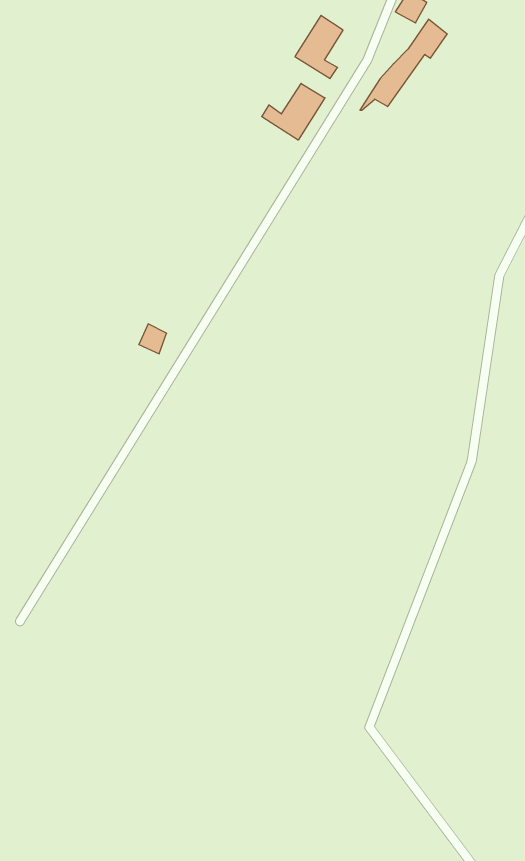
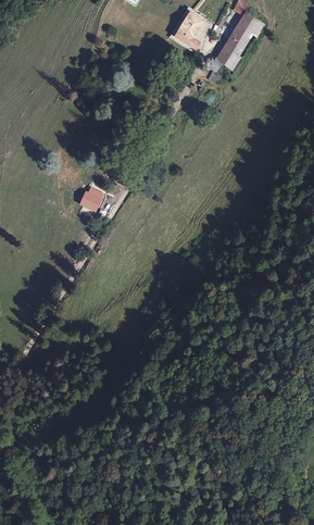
building: [262,83,325,140] -> none

